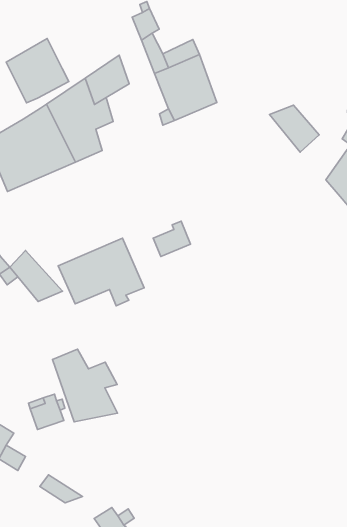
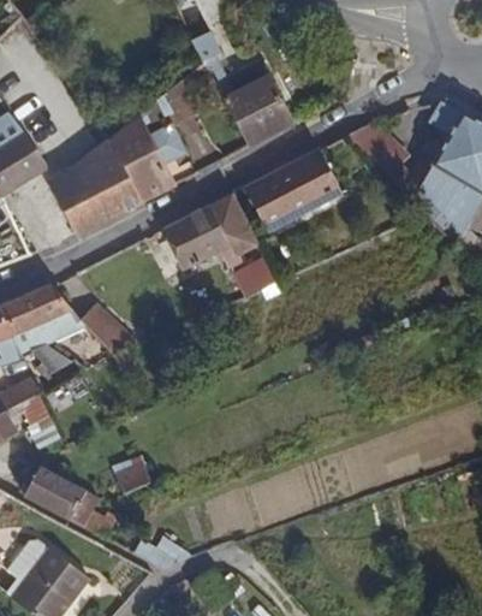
building: [6,39,69,103] -> none
building: none -> [246,149,343,230]
building: [58,238,144,306] -> [163,195,258,270]
building: [52,349,117,422] -> none

